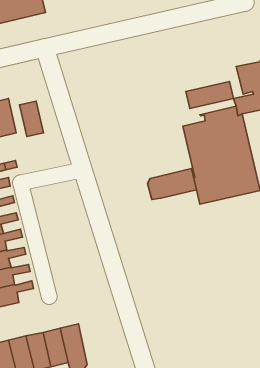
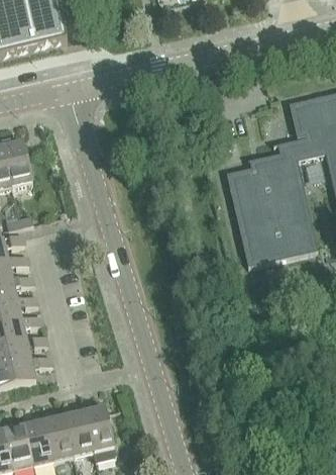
building: [186,81,234,109] -> none
building: [20,101,43,137] -> none
building: [147,168,196,200] -> none

